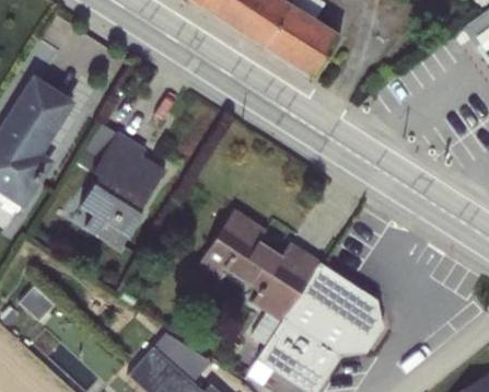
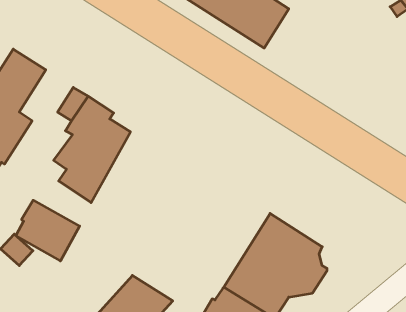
building: [197,209,319,345] -> none
building: none -> [16,200,80,261]

